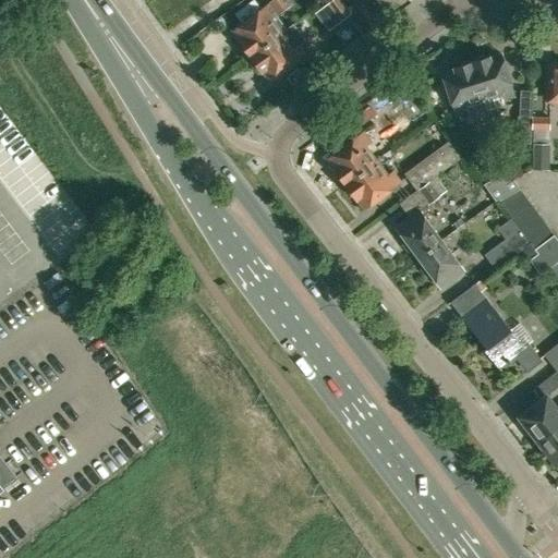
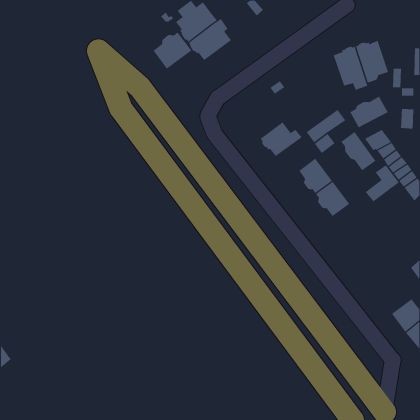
building: none -> [153,31,192,70]
building: none -> [350,96,388,128]
building: [327,131,375,184] -> none
building: none -> [341,131,376,171]
building: [448,283,542,372] -> none

